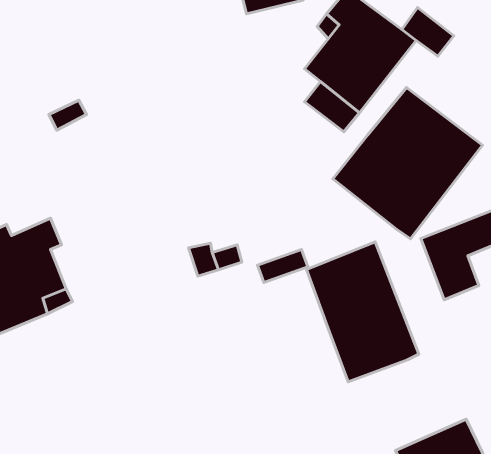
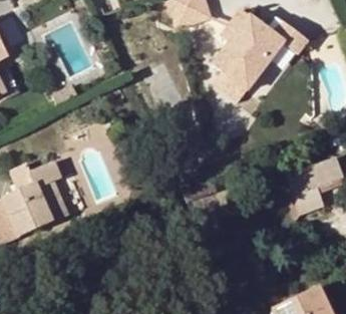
building: [333,87,483,239] -> none
building: [307,242,419,382] -> none

